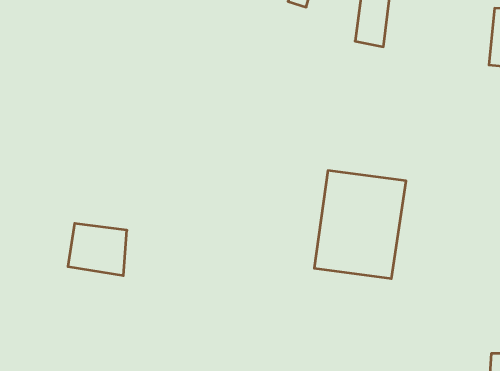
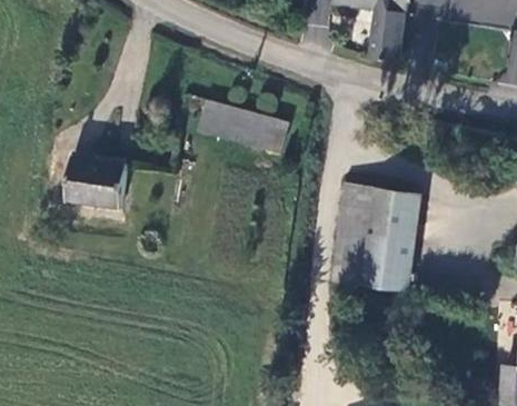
building: none -> [202,98,287,149]
building: [68,223,127,276] -> [67,158,125,209]

